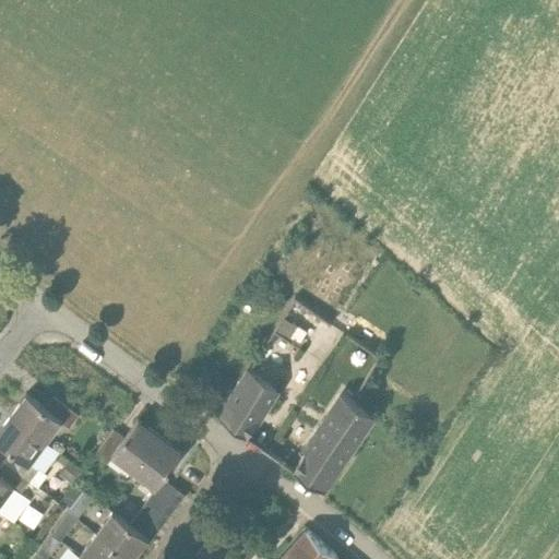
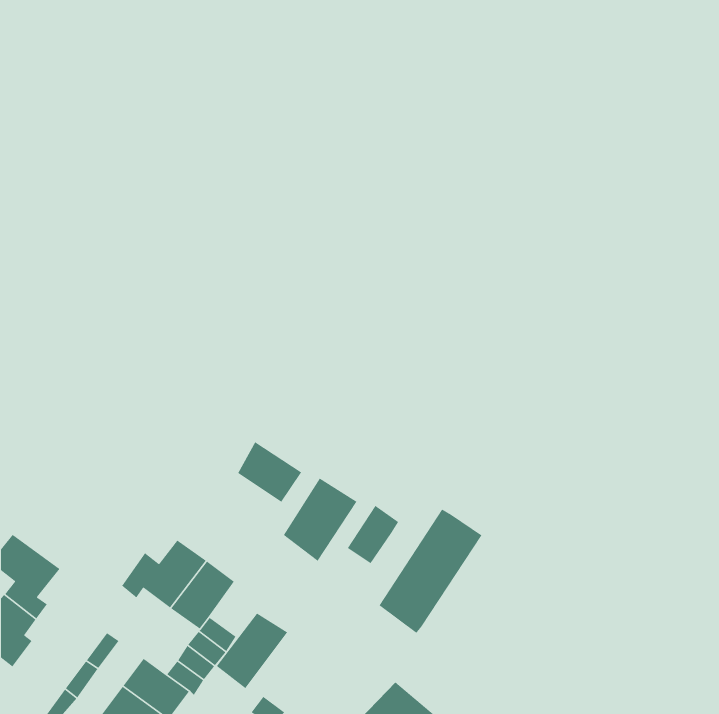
building: none -> [237,441,302,503]
building: none -> [347,505,399,564]
building: [10,397,78,445] -> none
building: none -> [216,612,288,689]

